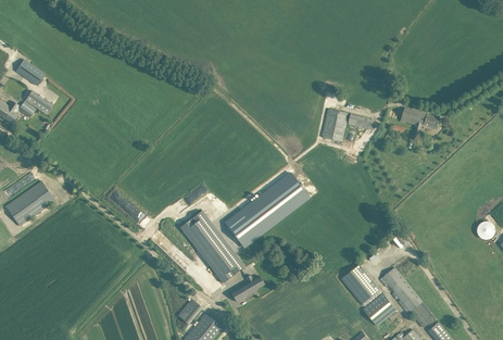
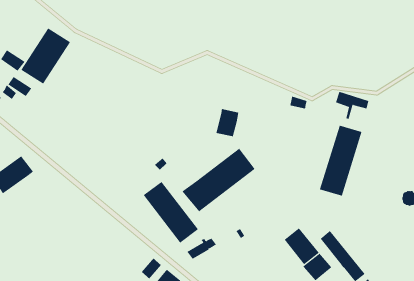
building: none -> [20,27,71,85]
building: [320,109,348,141] -> [216,109,239,137]
building: none -> [319,125,362,197]

